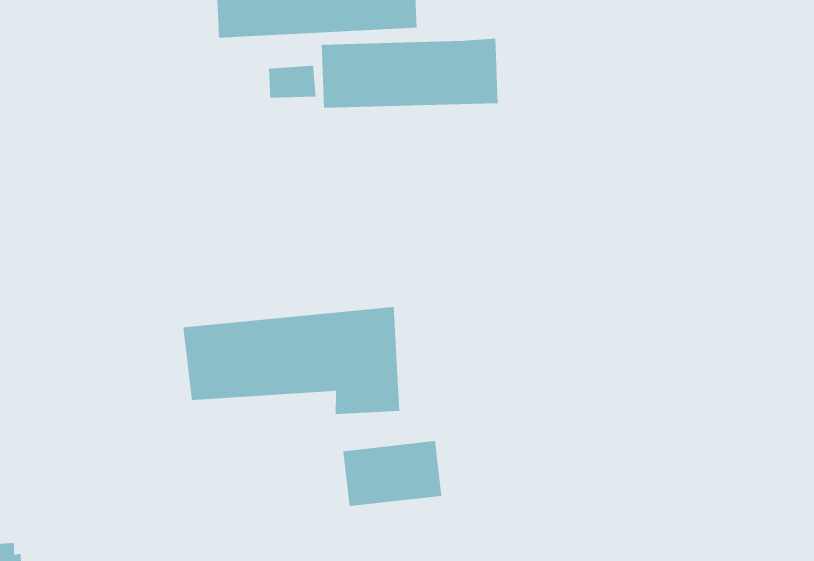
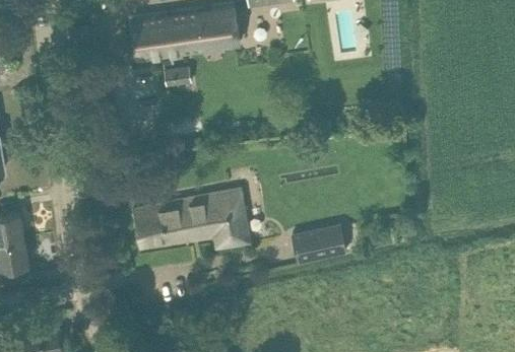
building: [321,38,498,108] -> none
building: [343,440,442,507] -> [292,225,345,264]

